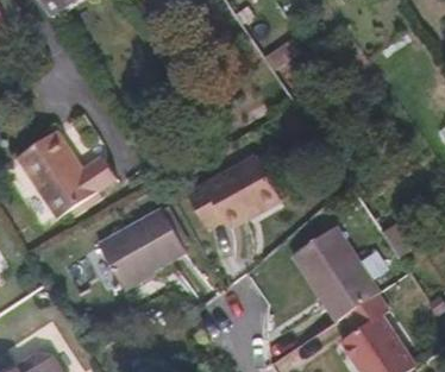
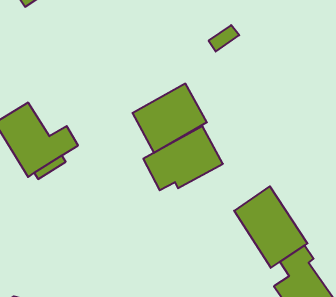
building: [98,207,184,288] -> [132,84,207,153]

